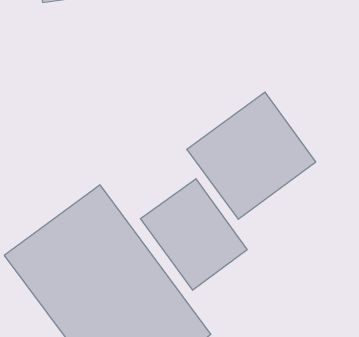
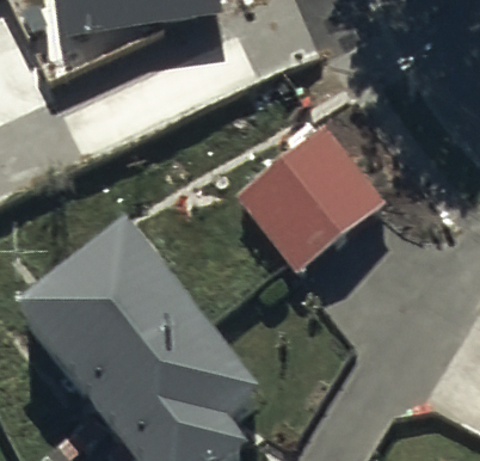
building: [140,179,247,290] -> none

